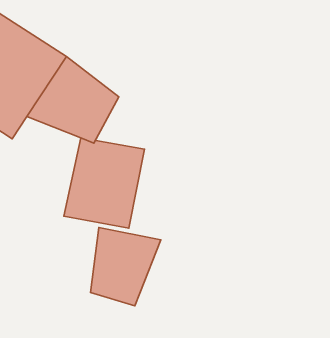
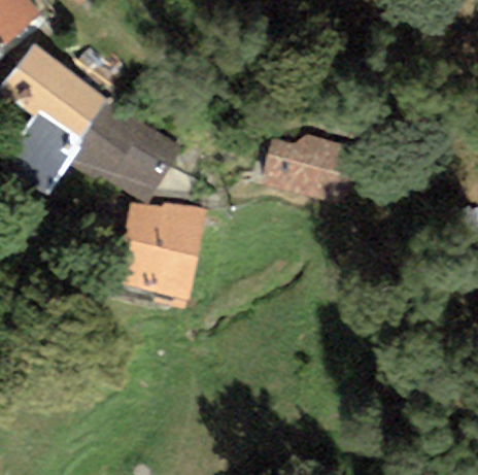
building: none -> [262,131,358,202]
building: [91,228,161,306] -> none

